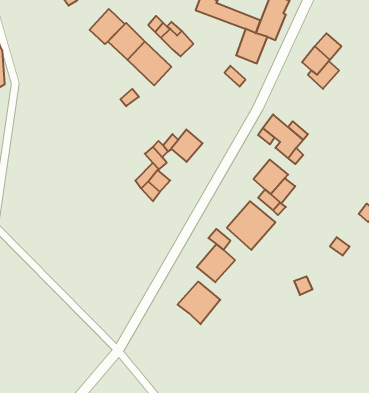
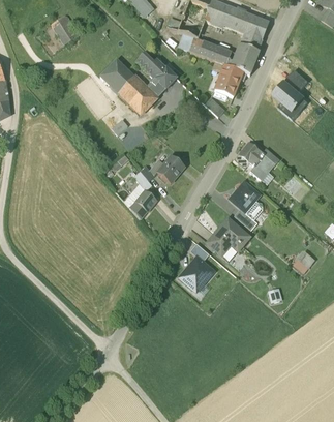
building: [90,9,125,44] -> none
building: [178,282,220,324] -> none

